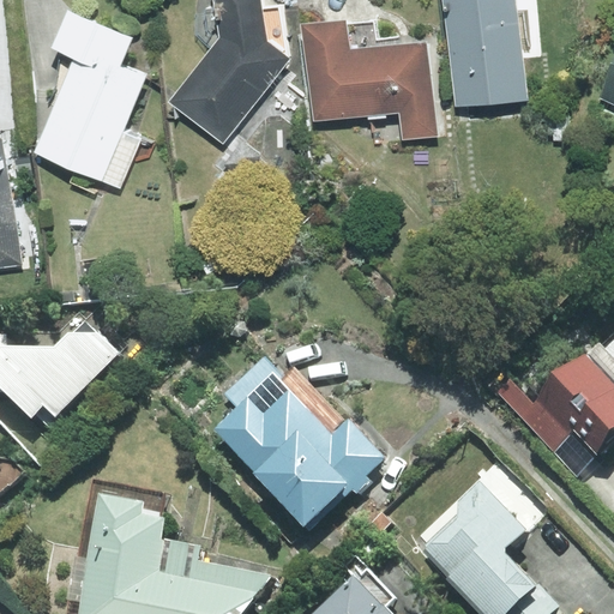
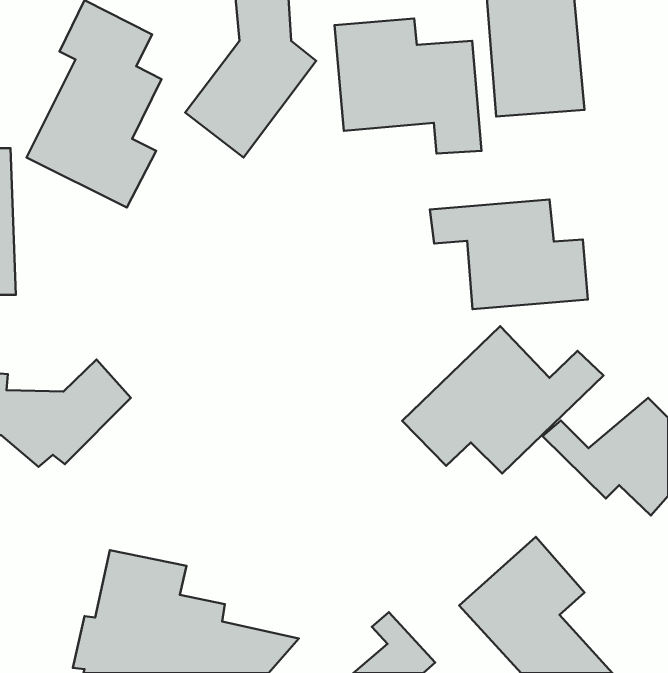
building: none -> [430,199,588,309]
building: none -> [402,326,603,473]
building: [213,361,387,534] -> none

